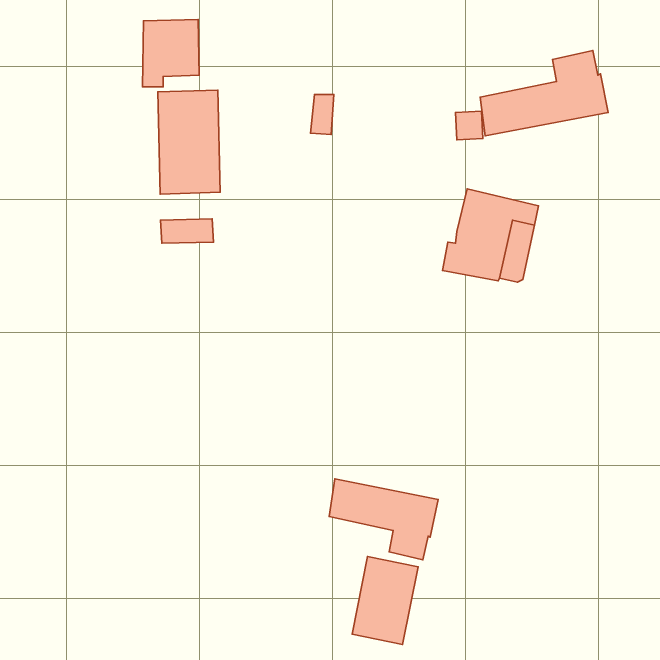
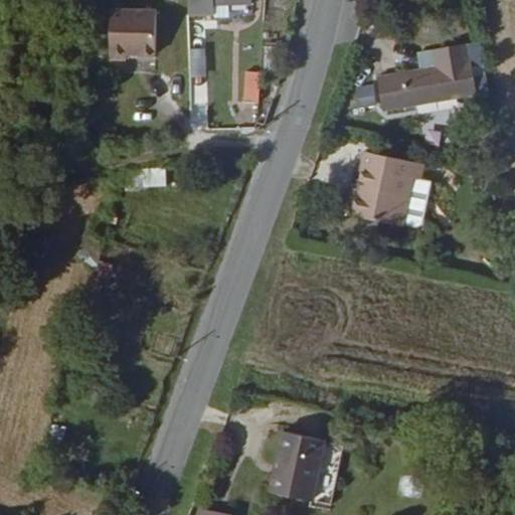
building: [158,90,220,194] -> none
building: [329,479,438,560] -> none

